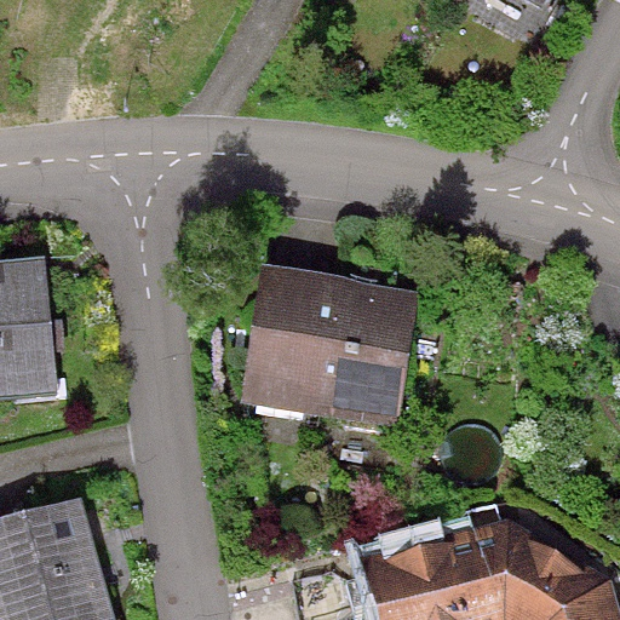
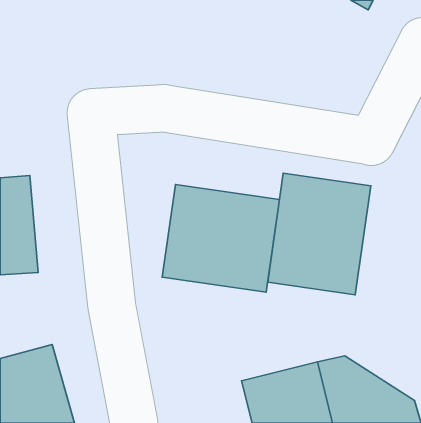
building: none -> [268,173,371,295]

